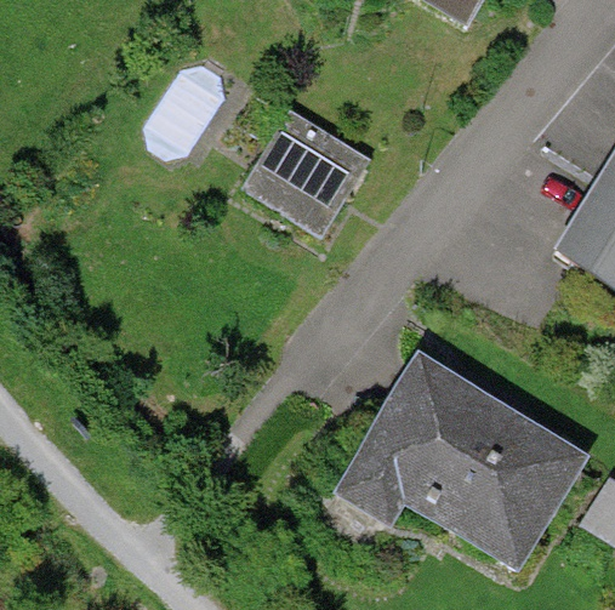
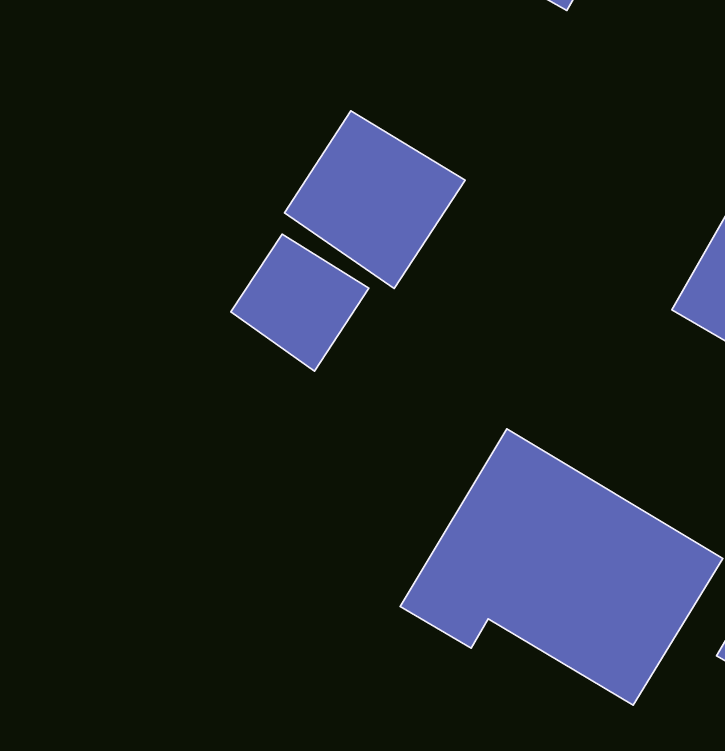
building: none -> [231,234,369,371]

